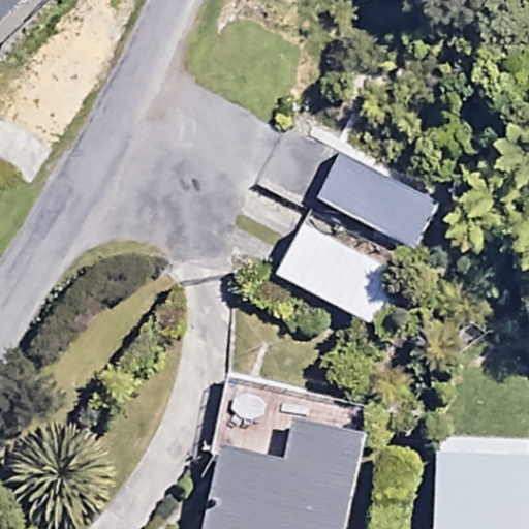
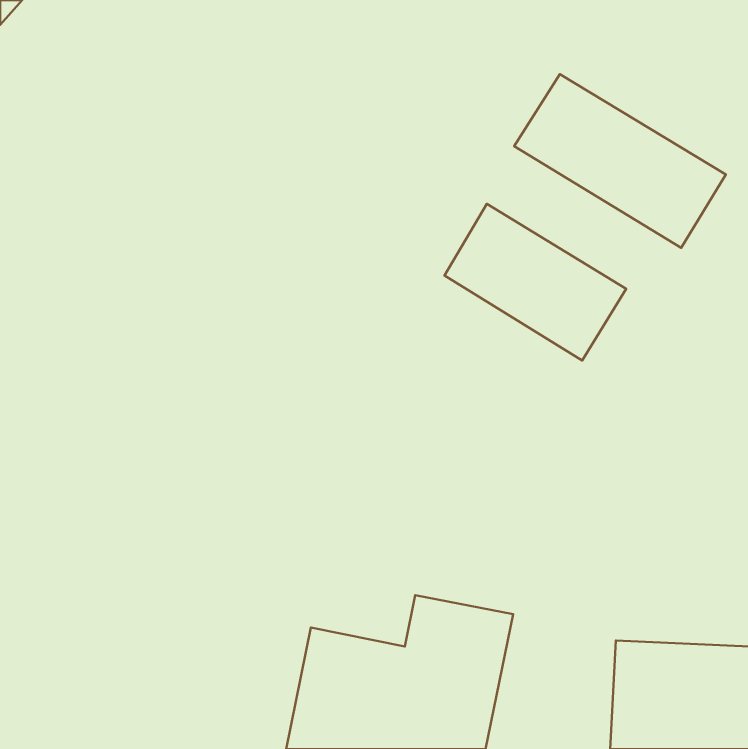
building: none -> [514,74,726,248]
building: [278,221,411,329] -> none

